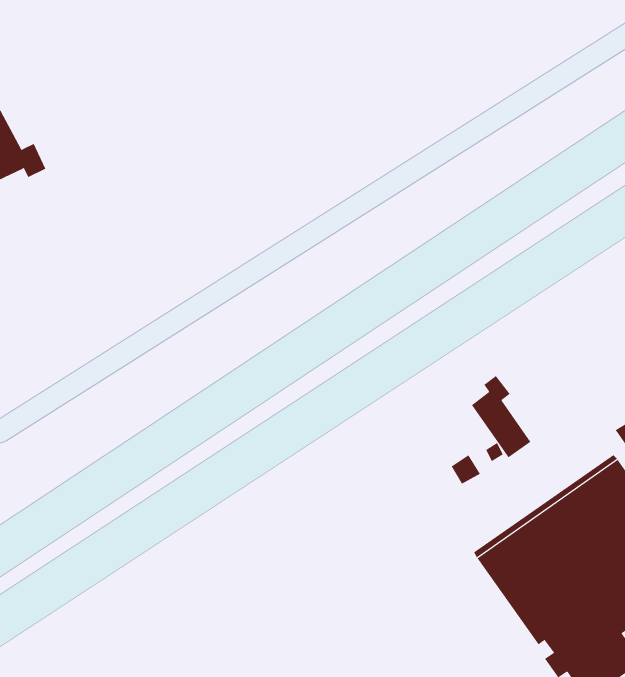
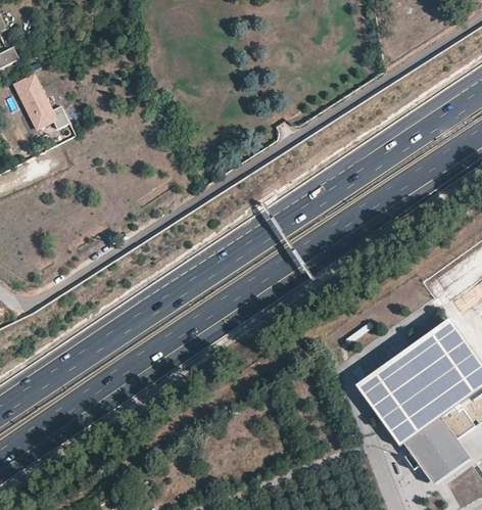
building: [471,375,531,458] -> none

